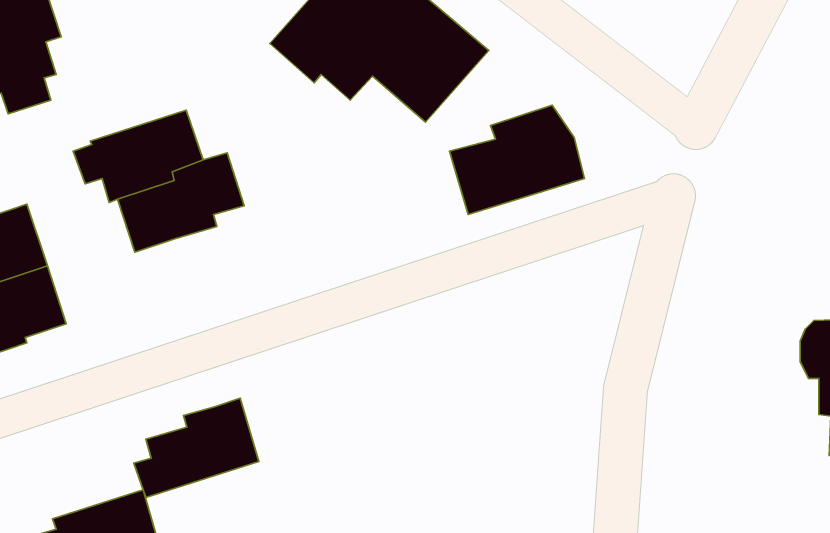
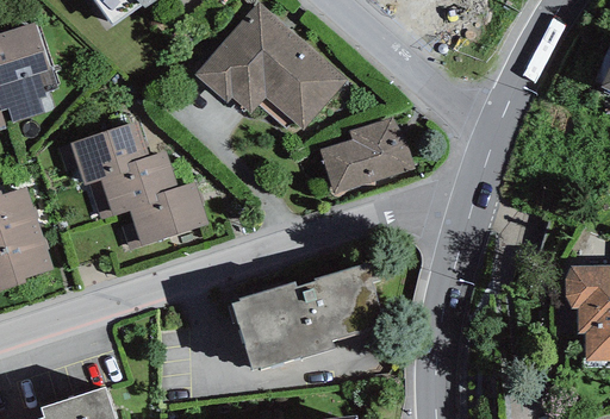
building: none -> [230,262,384,367]
building: [134,398,259,497] -> [120,182,207,251]

